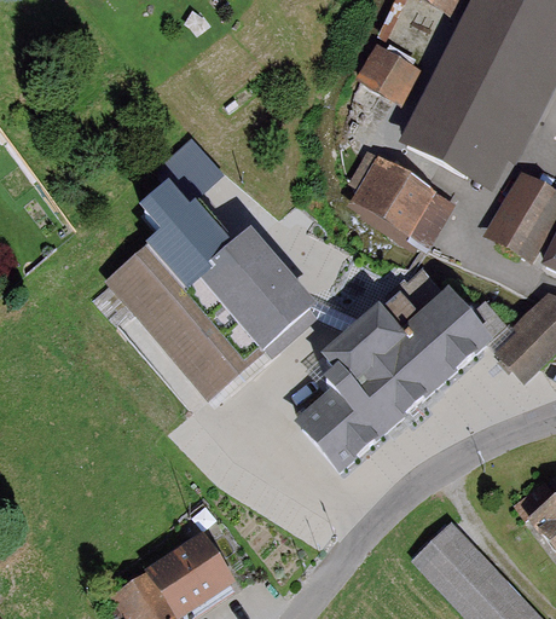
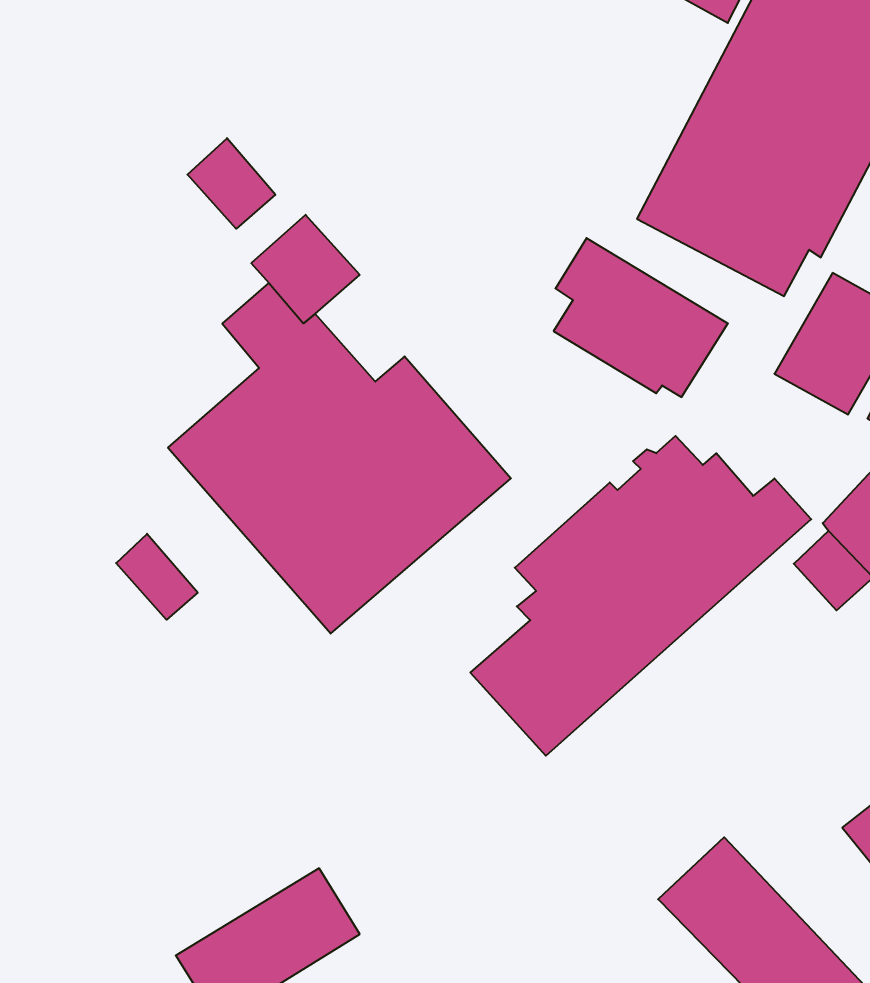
building: [357,44,425,108] -> none
building: none -> [187,138,275,229]
building: none -> [116,534,198,620]

